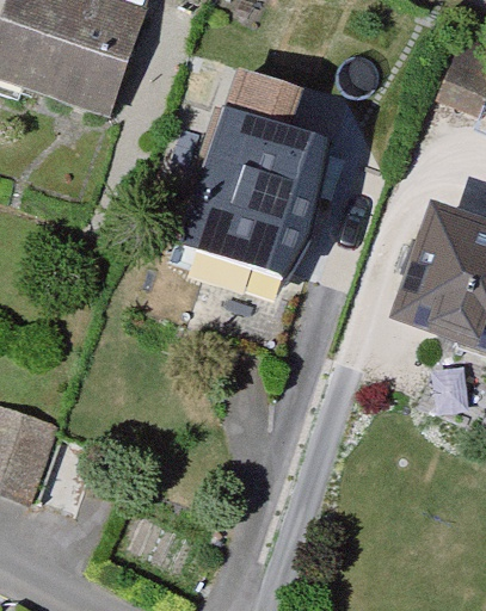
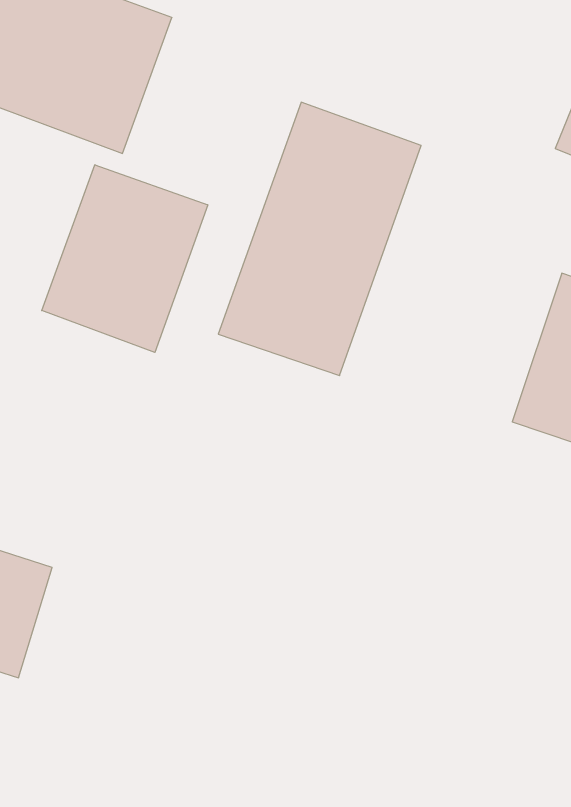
building: none -> [42,165,208,352]

